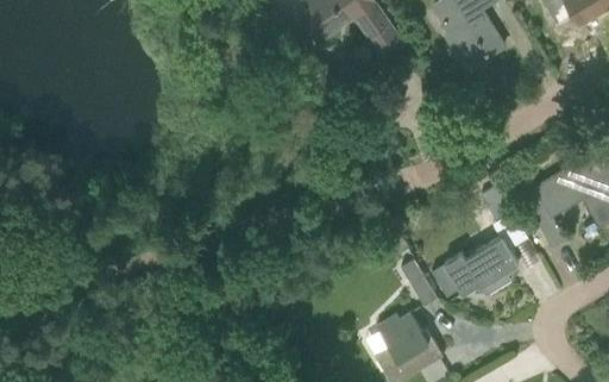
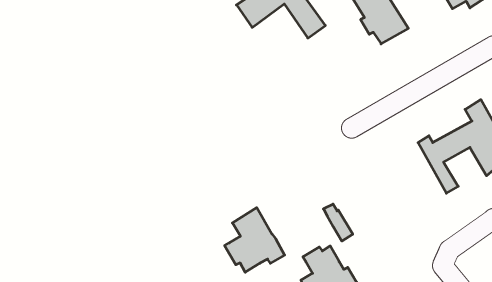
building: [445,184,528,295] -> none
building: none -> [225,208,285,272]

